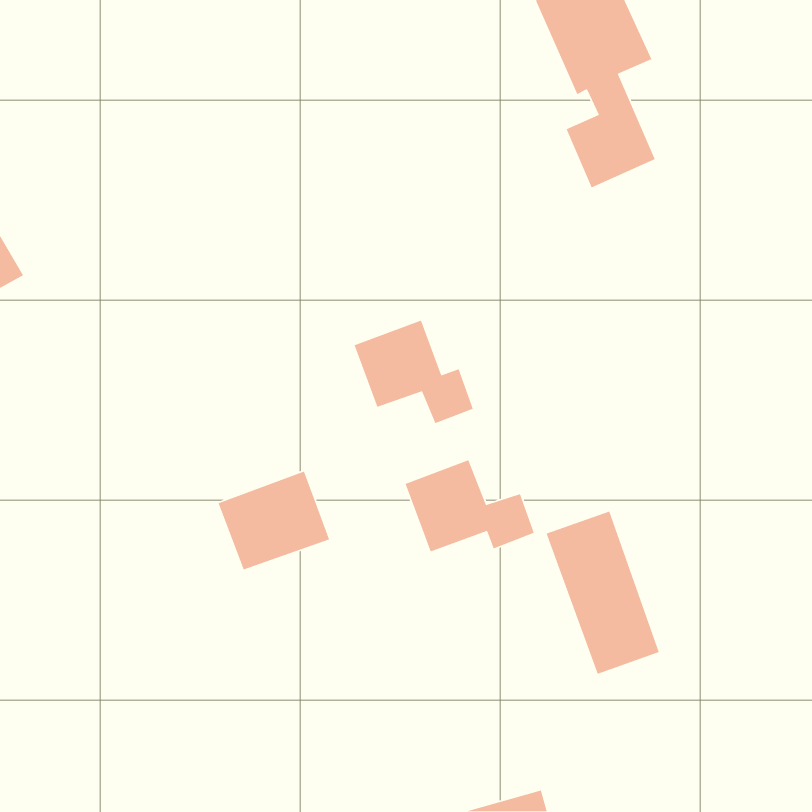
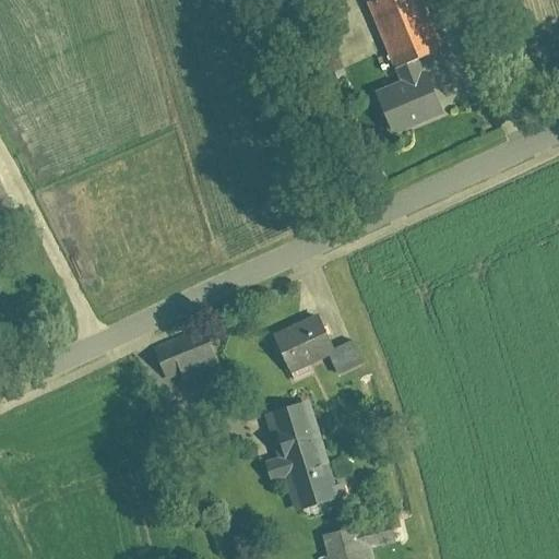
building: [354,320,474,424] -> none
building: [546,511,660,675] -> [260,402,337,513]

